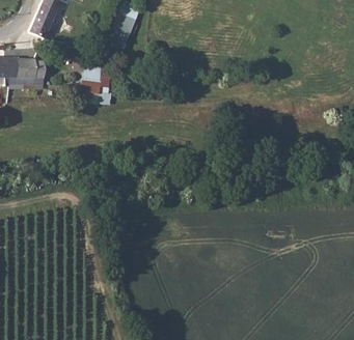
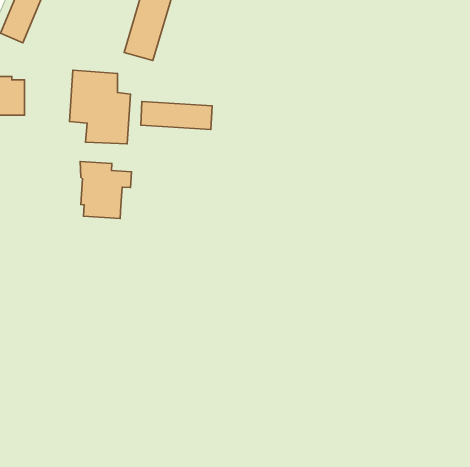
building: none -> [141,101,212,130]
building: none -> [80,161,131,219]

